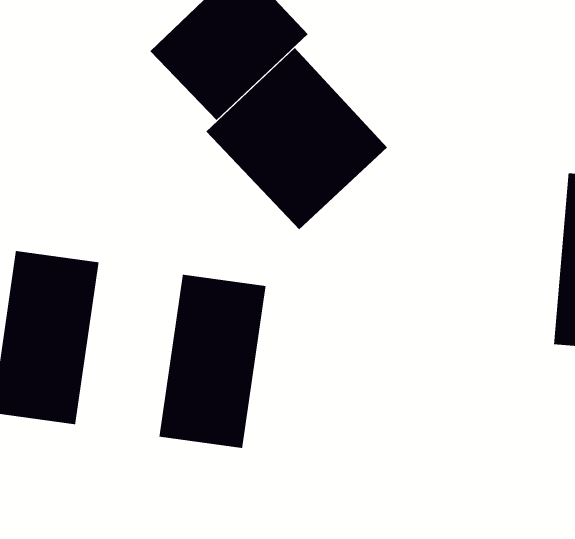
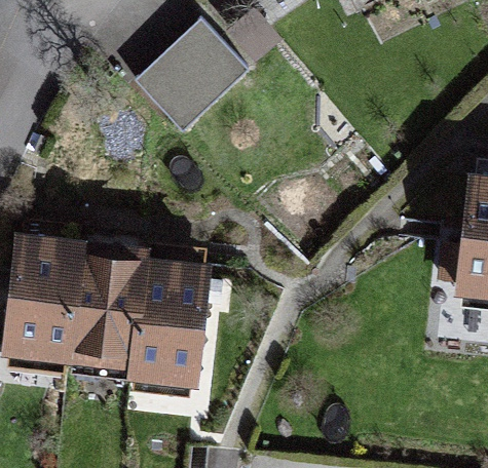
building: [206,47,388,230] -> none
building: none -> [73,242,156,379]

